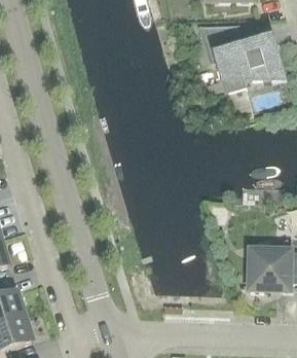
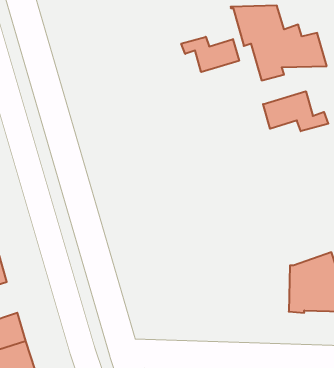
building: none -> [181,37,239,72]
building: none -> [263,91,328,131]

